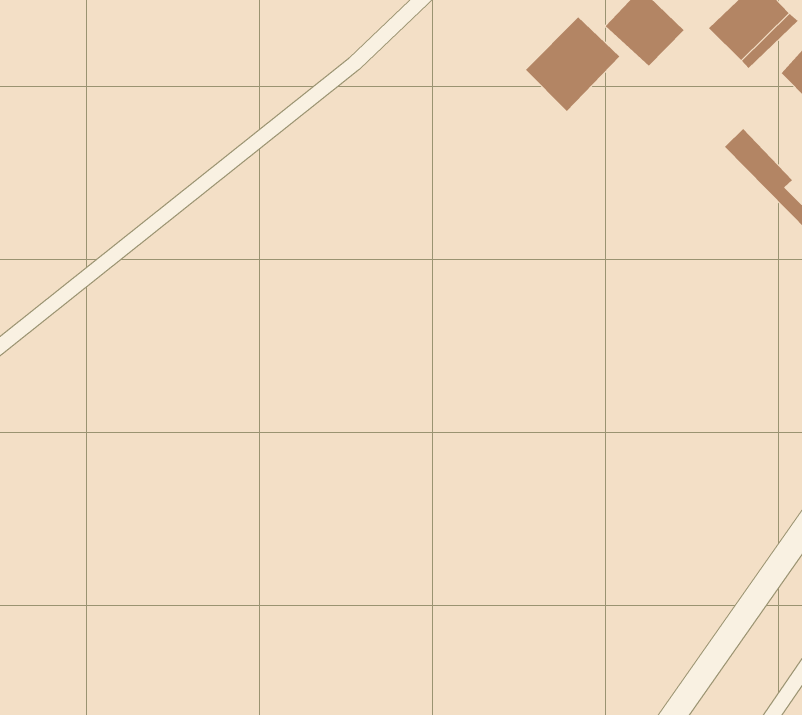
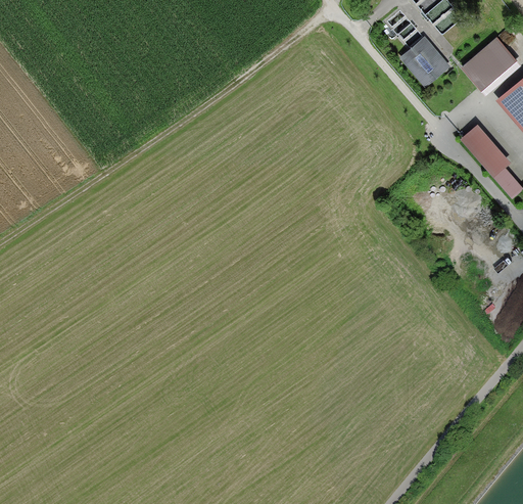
building: [525,17,620,112] -> none

